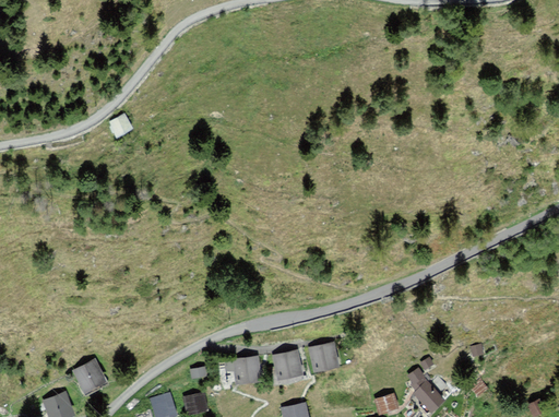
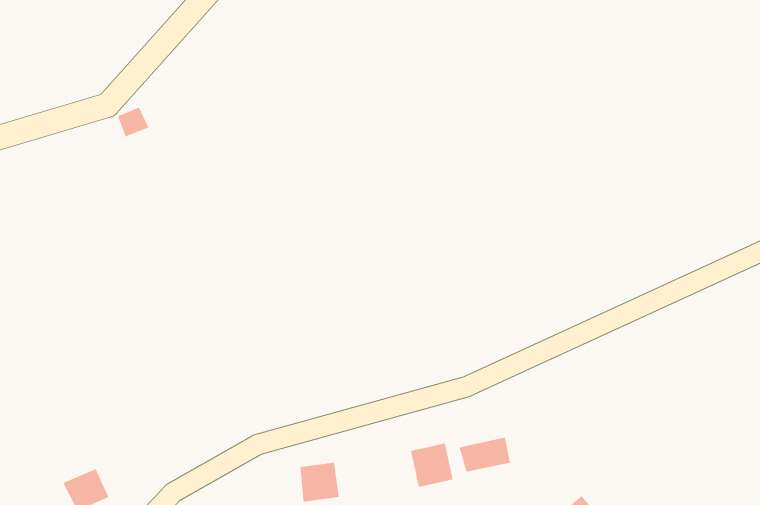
building: none -> [459,437,511,473]
building: [272,352,301,380] -> none

